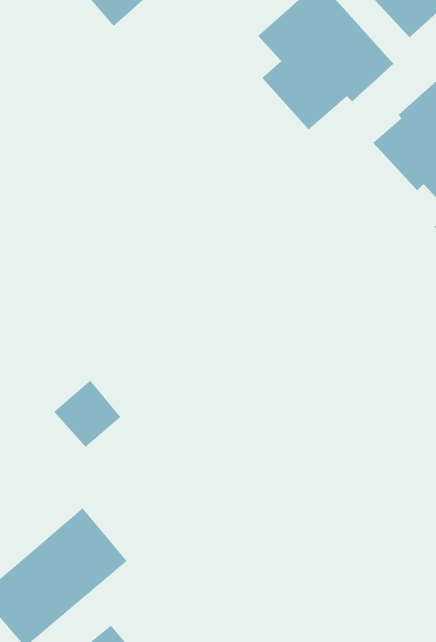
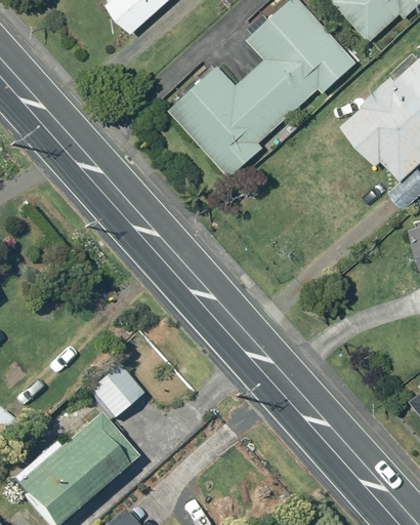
building: none -> [164,62,285,175]
building: [53,380,121,447] -> [91,364,145,418]

